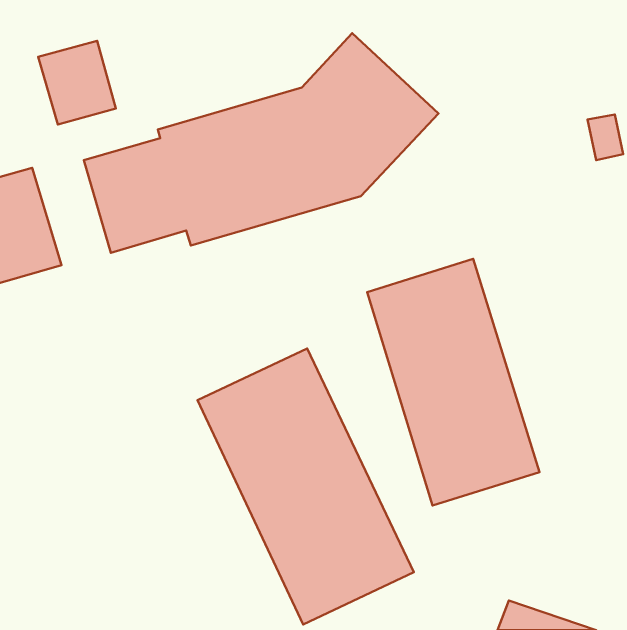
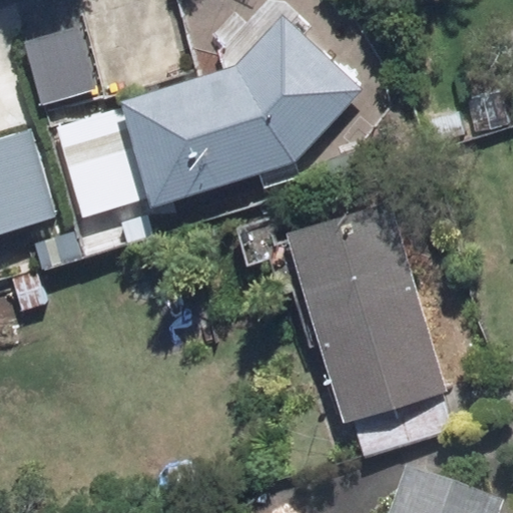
building: [198,349,414,625] -> none

